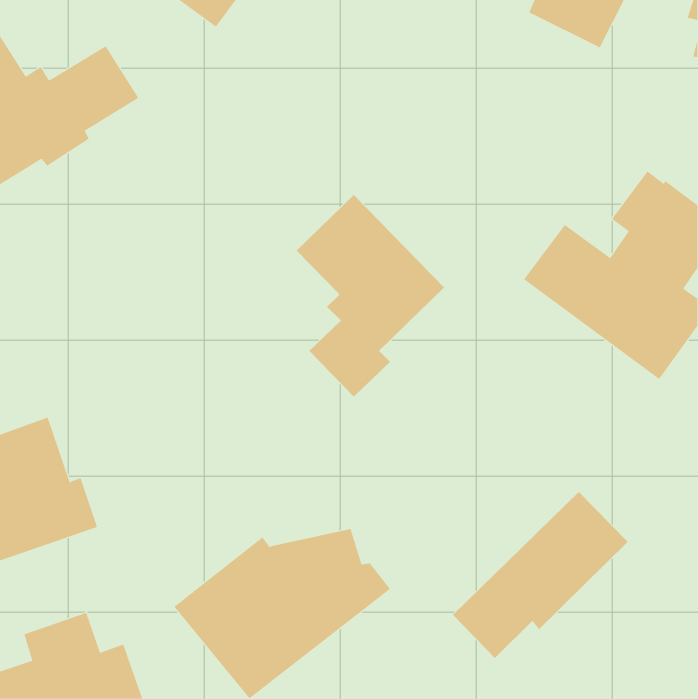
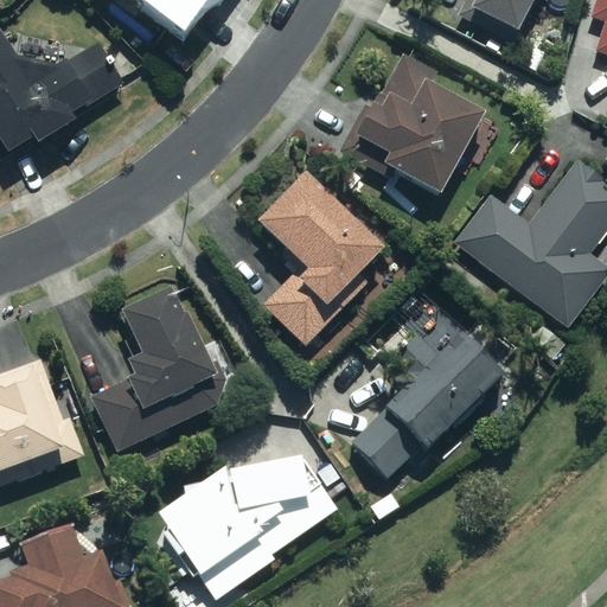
building: none -> [339,50,488,198]
building: none -> [87,288,222,455]
building: [452,491,628,659] -> [352,333,504,478]

